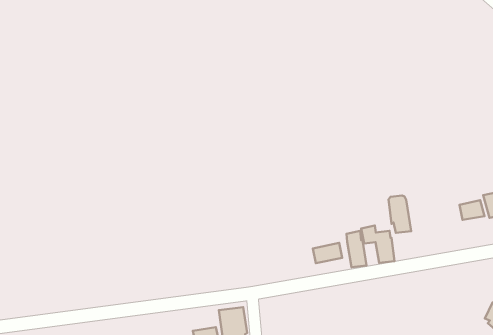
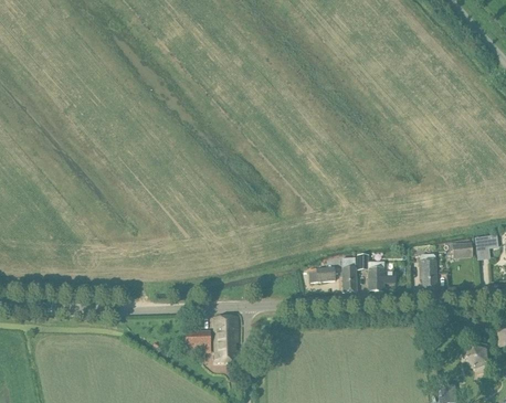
building: [389,196,411,233] -> [419,254,436,288]

